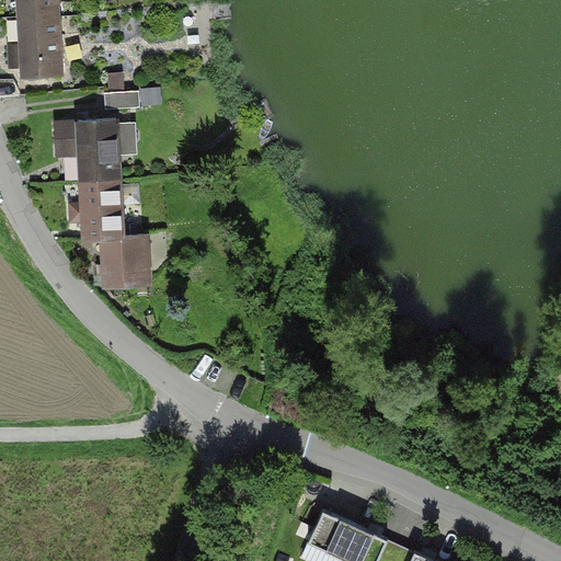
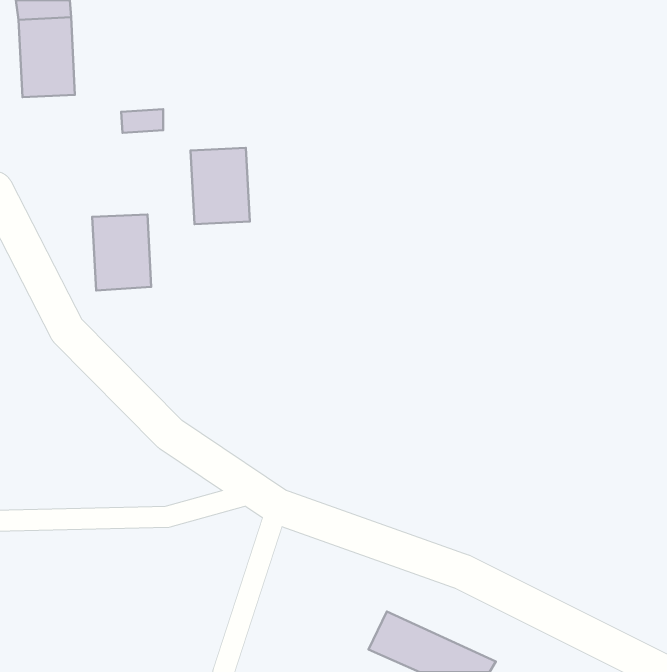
building: [73,117,123,181] -> [190,148,250,224]
building: [98,238,150,290] -> none

